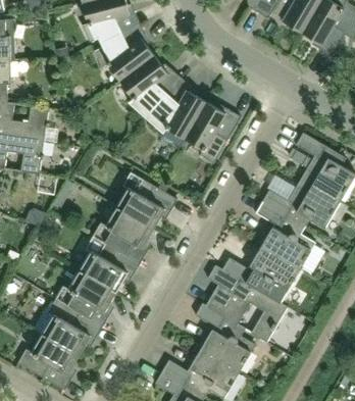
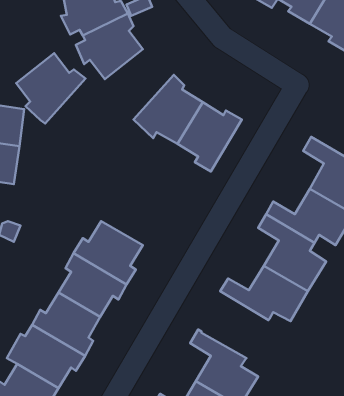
building: [119,55,181,117] -> [16,53,85,124]
building: [116,171,176,229] -> none
building: [205,265,287,342] -> none

